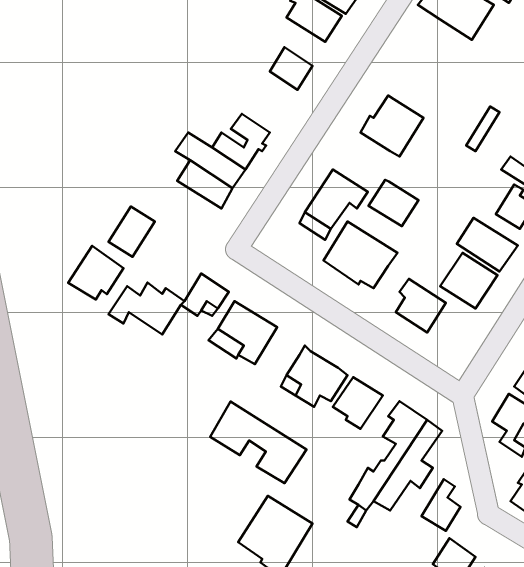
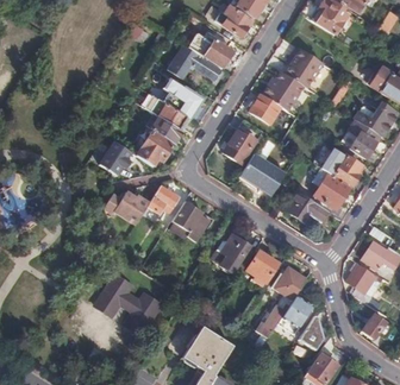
building: none -> [167,44,221,78]
building: none -> [285,45,323,87]
building: [369,180,419,226] -> [250,93,282,122]
building: [68,246,124,300] -> [136,131,171,165]
building: [210,401,307,483] -> [93,283,155,335]

